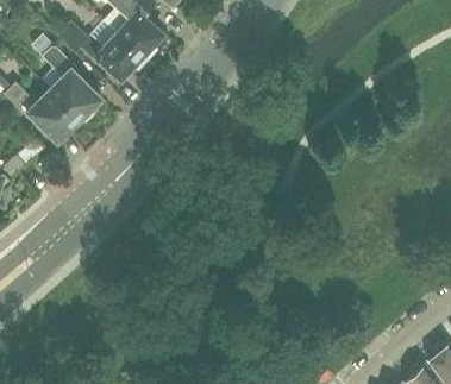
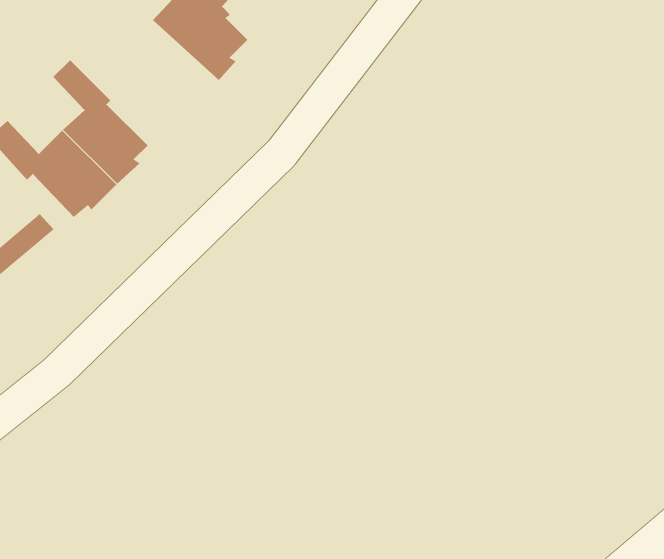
building: [59,21,145,77] -> none

